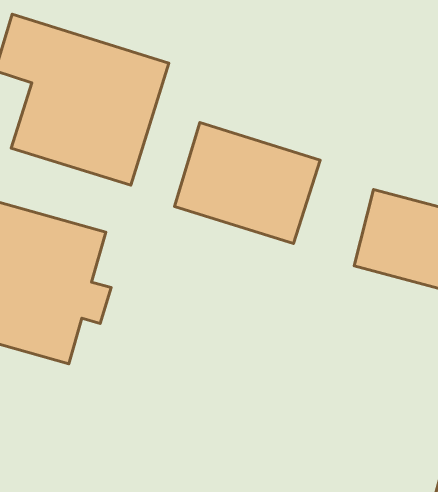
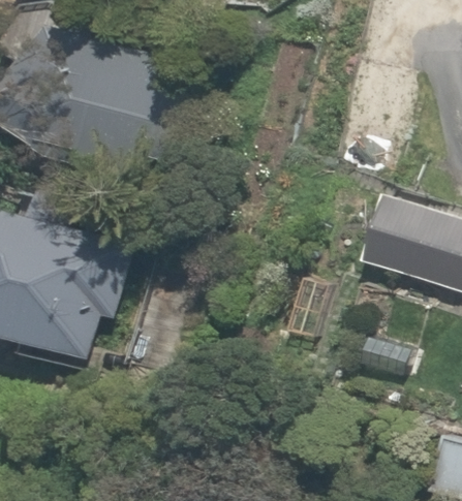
building: [174,123,320,243] -> none

